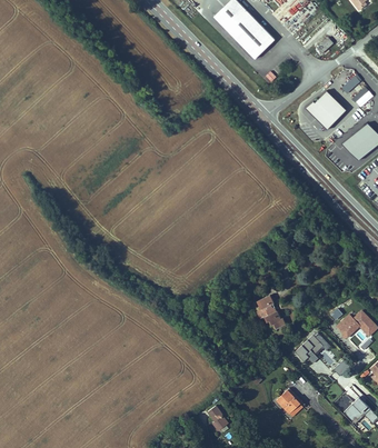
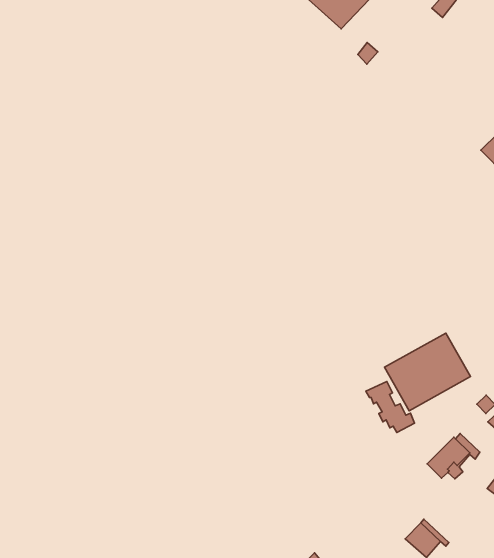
building: [307,90,346,129] -> none
building: none -> [384,333,471,411]

